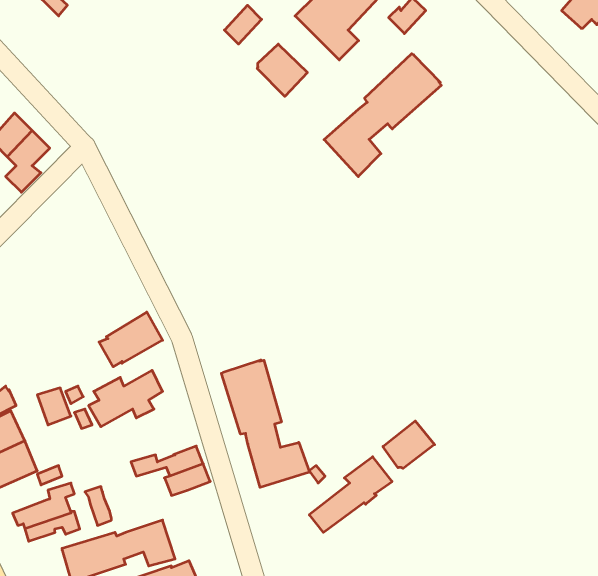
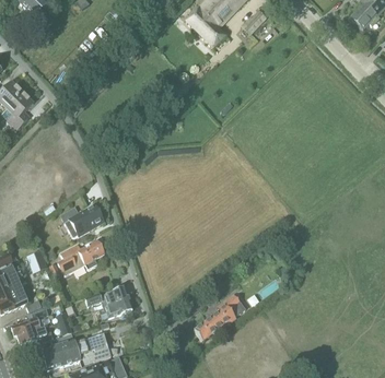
building: [257,44,307,96] -> none
building: [324,54,441,177] -> none
building: [221,360,309,487] -> none
building: [383,421,435,468] -> none

